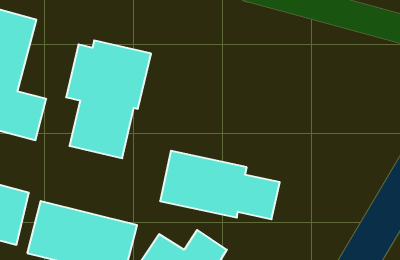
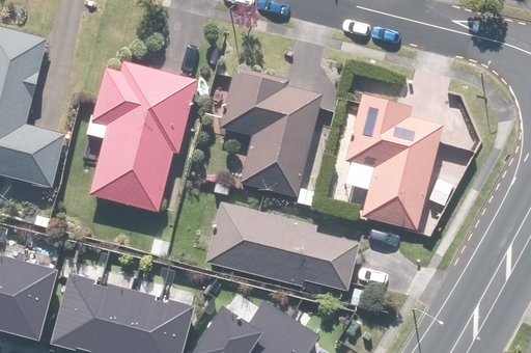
building: none -> [220,71,324,209]
building: none -> [347,97,440,233]

